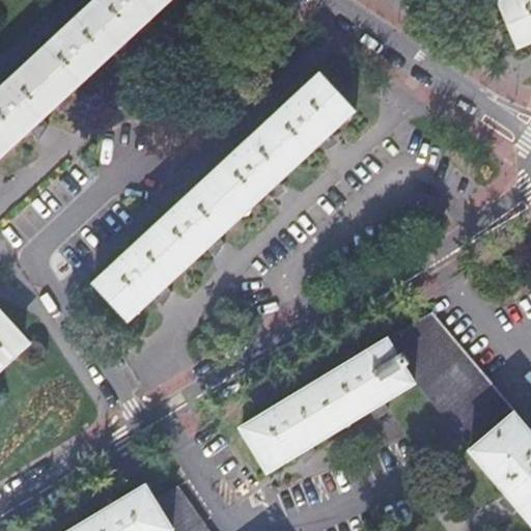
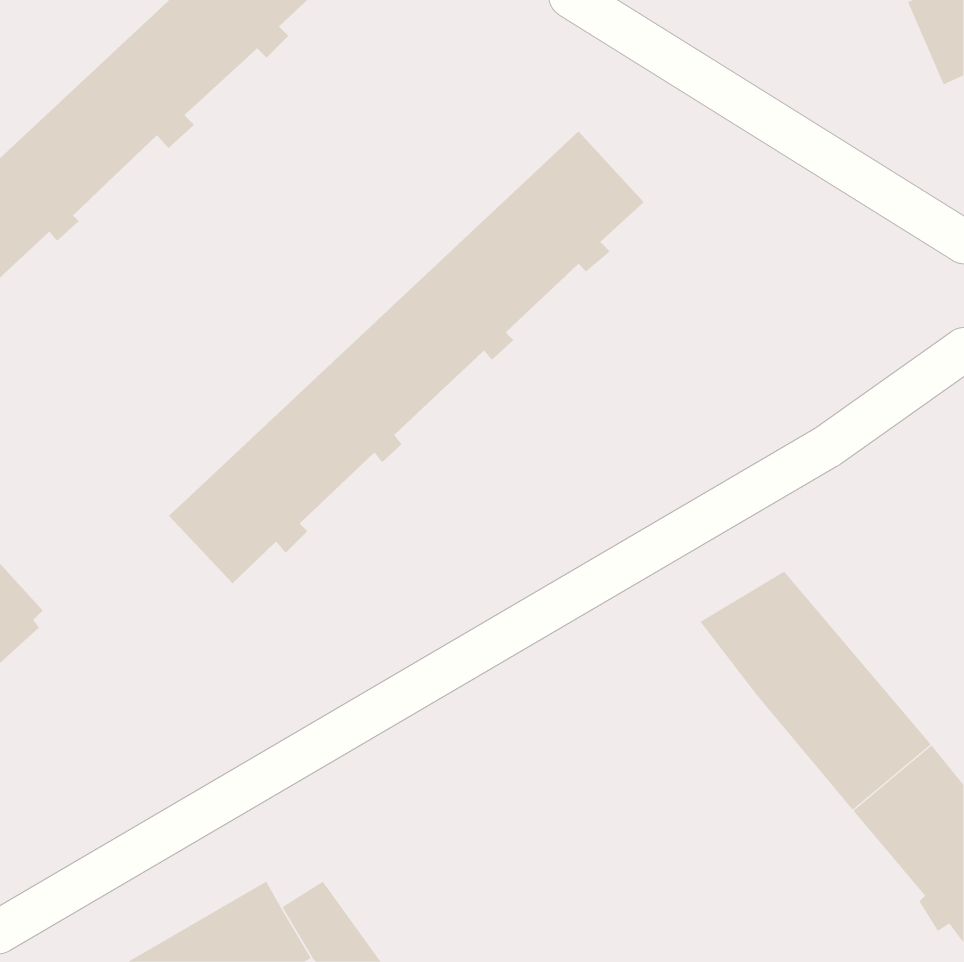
building: [243,341,415,471] -> none

